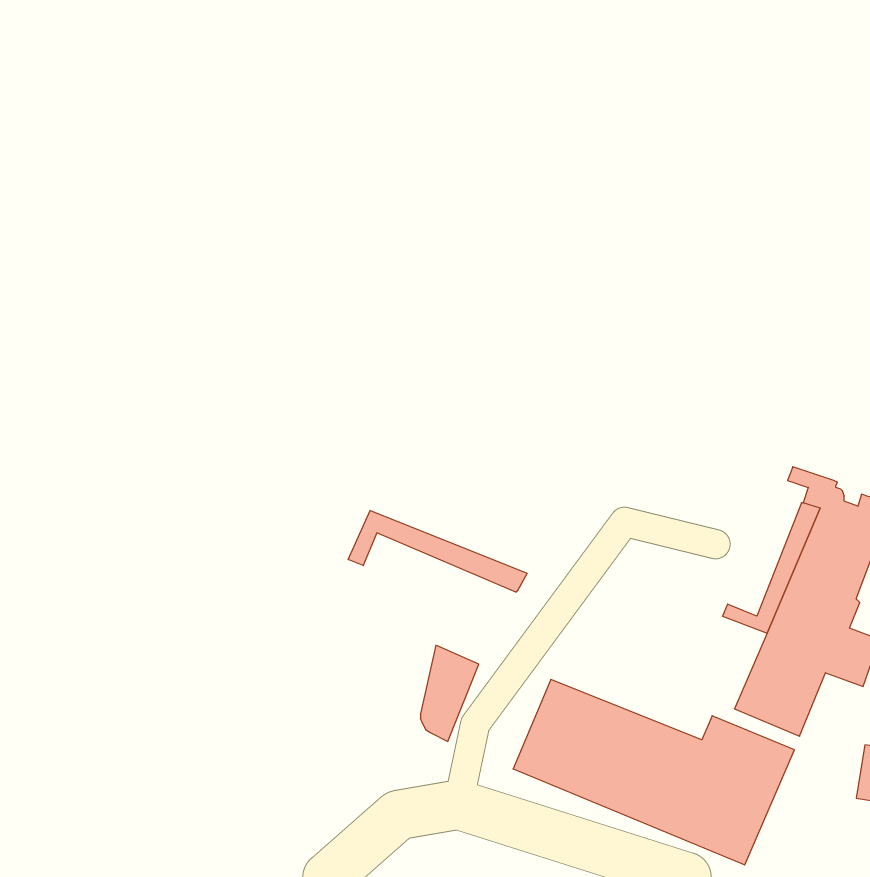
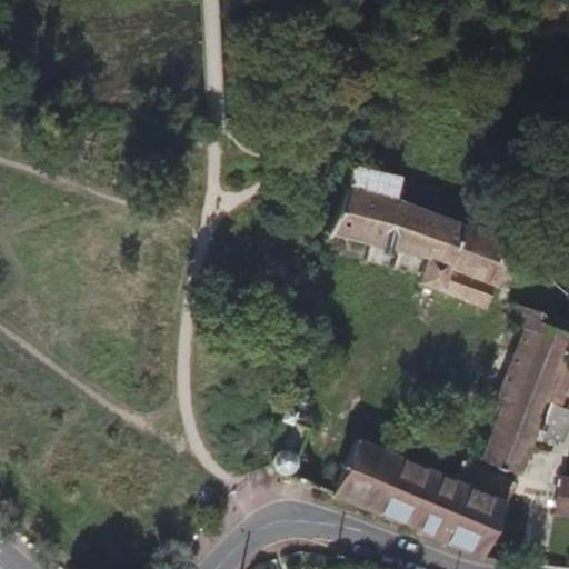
building: none -> [323,168,512,307]
building: [348,510,527,592] -> none

